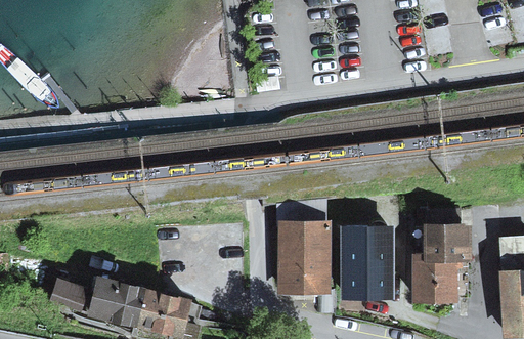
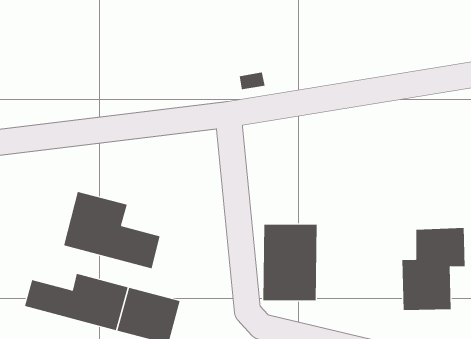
building: none -> [63,191,160,269]
building: [343,227,395,300] -> none

